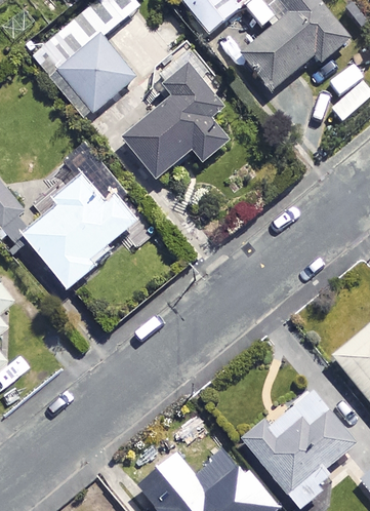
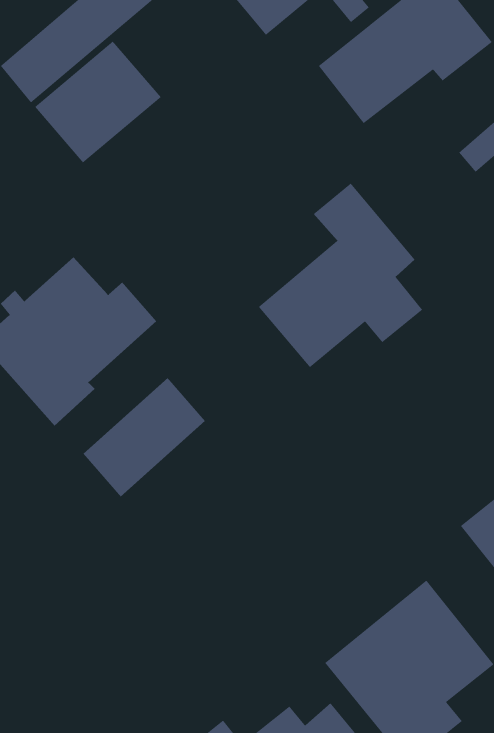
building: [123,56,231,178] -> [258,182,423,368]
building: none -> [83,377,206,498]

